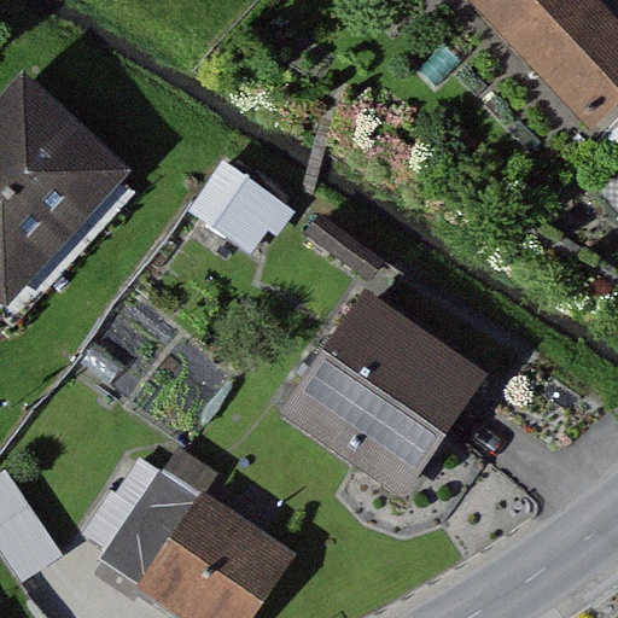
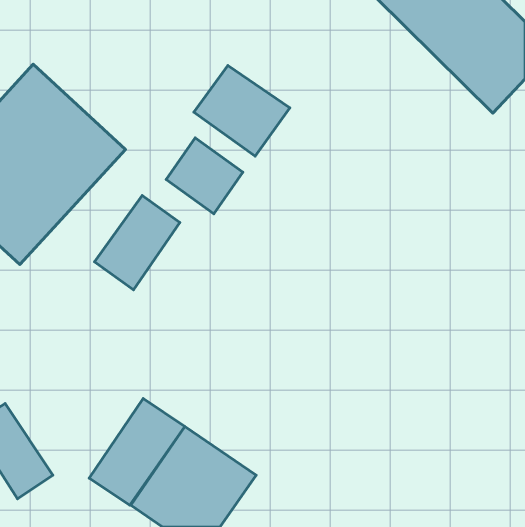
building: none -> [194,65,290,156]
building: none -> [95,195,180,290]
building: [263,292,457,485] -> none

